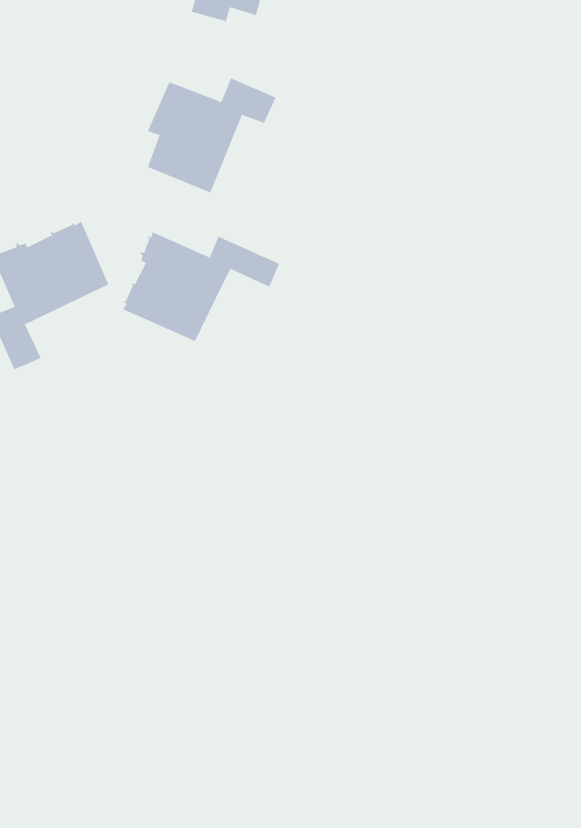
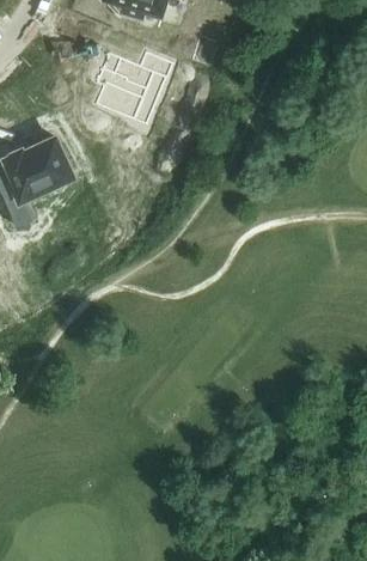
building: [122,231,280,342] -> none

